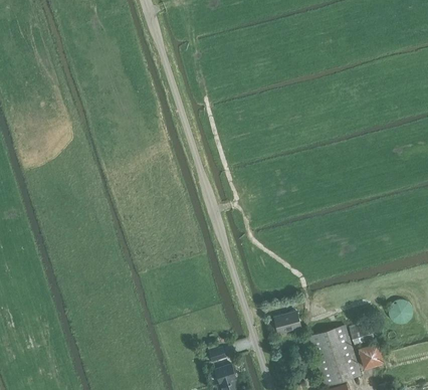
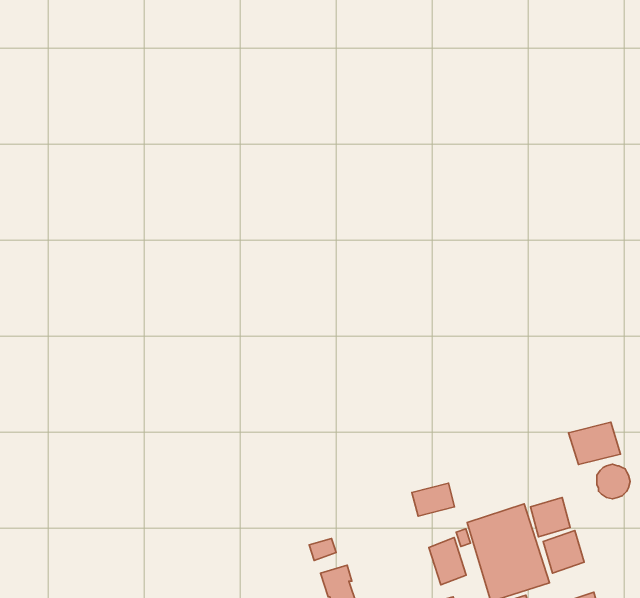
building: none -> [569,422,621,465]
building: none -> [429,537,466,585]

